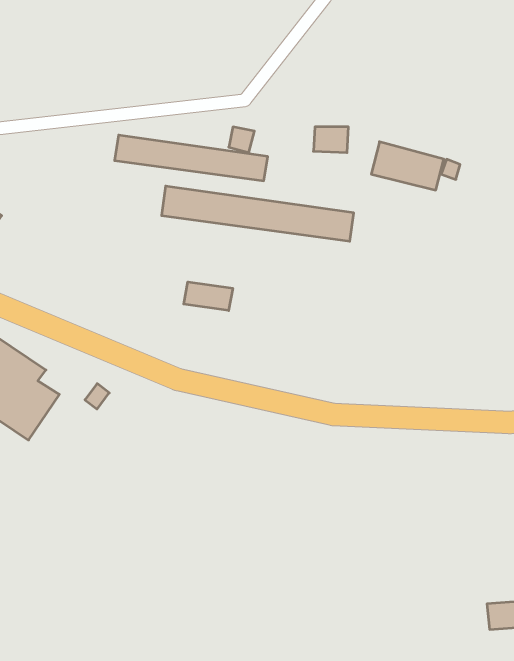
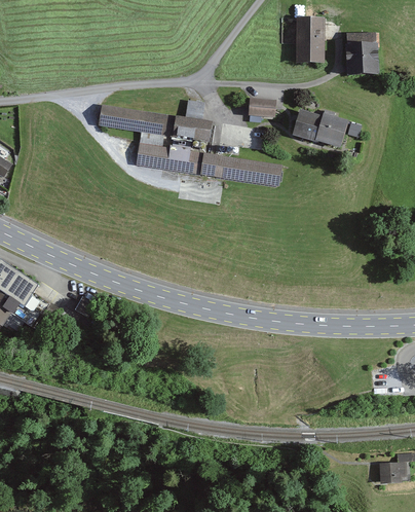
building: none -> [295,19,324,63]
building: none -> [345,32,379,76]
building: [184,282,233,311] -> none

